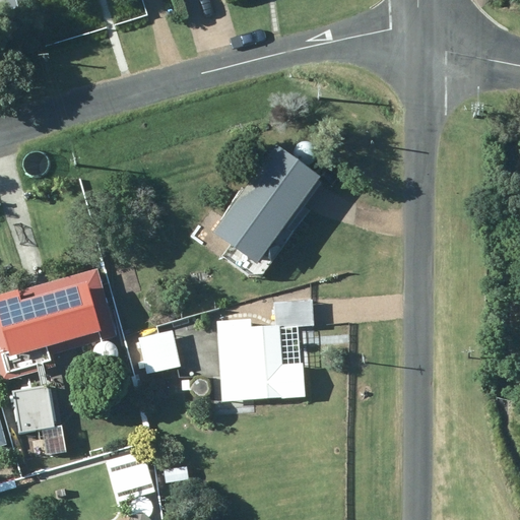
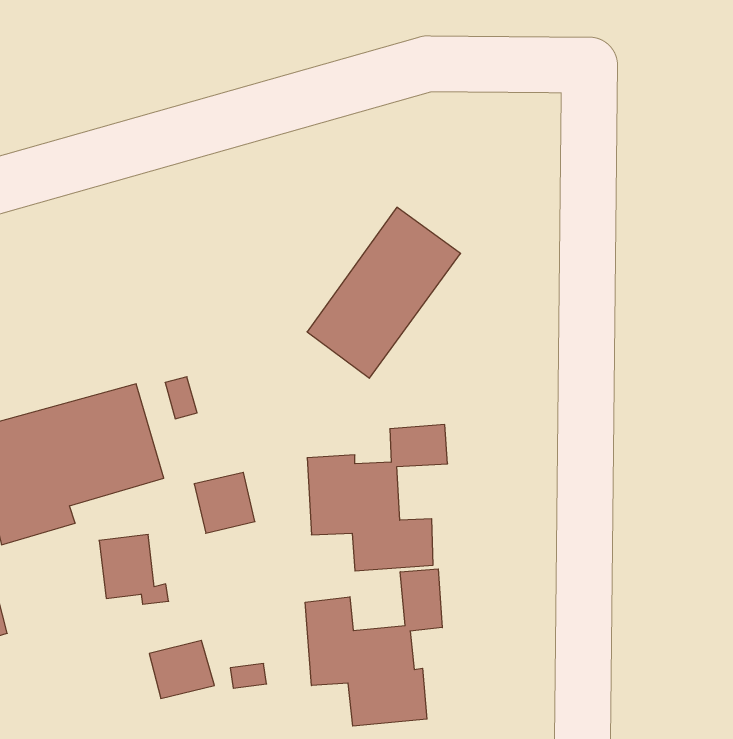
building: [13,388,62,437] -> [99,535,169,604]
building: none -> [305,569,442,726]

